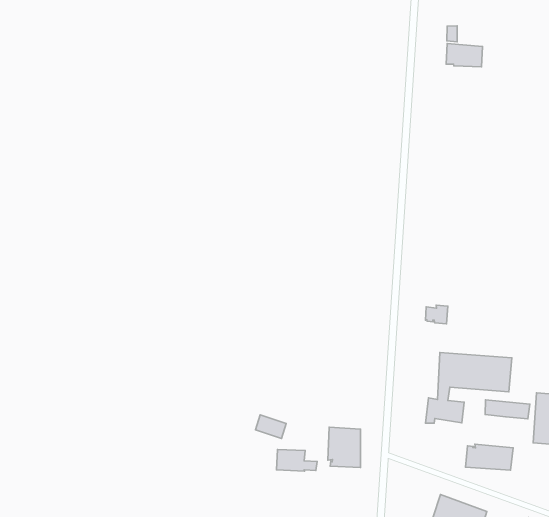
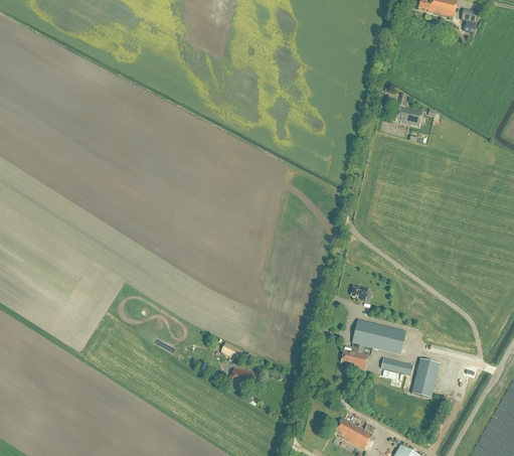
building: [328,427,361,467] -> none
building: [465,444,513,470] -> none

